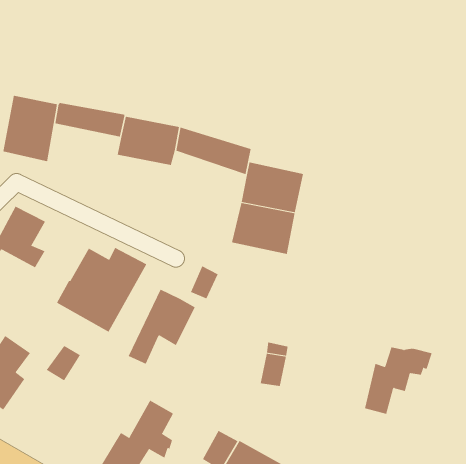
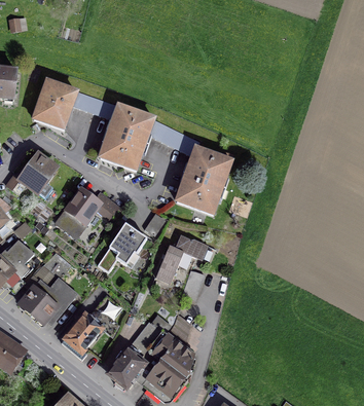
building: none -> [100,131,144,169]
building: [364,347,432,415] -> [156,235,207,280]
building: none -> [20,279,75,323]

